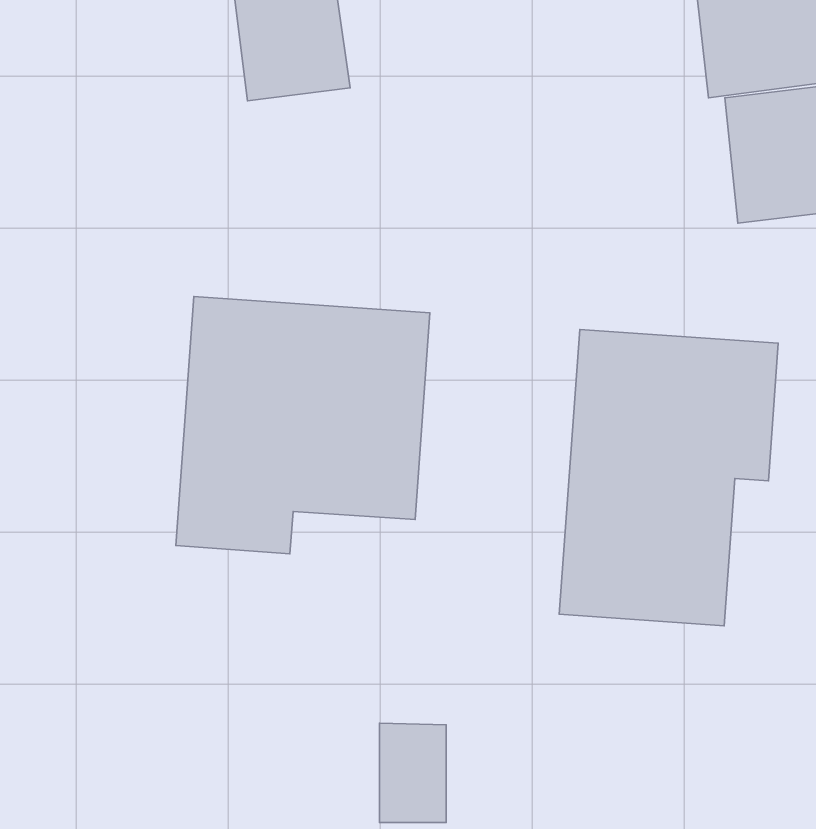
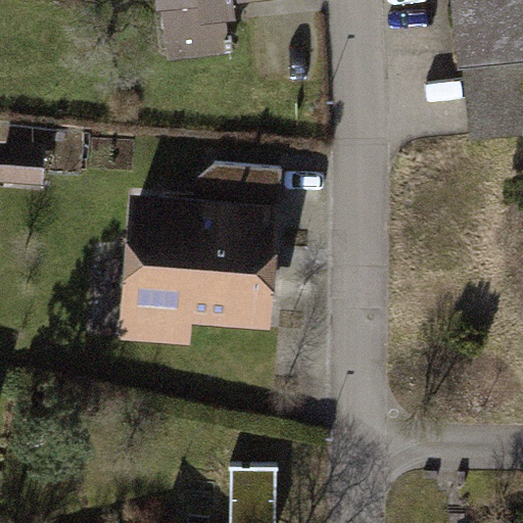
building: [559,329,778,626] -> none

